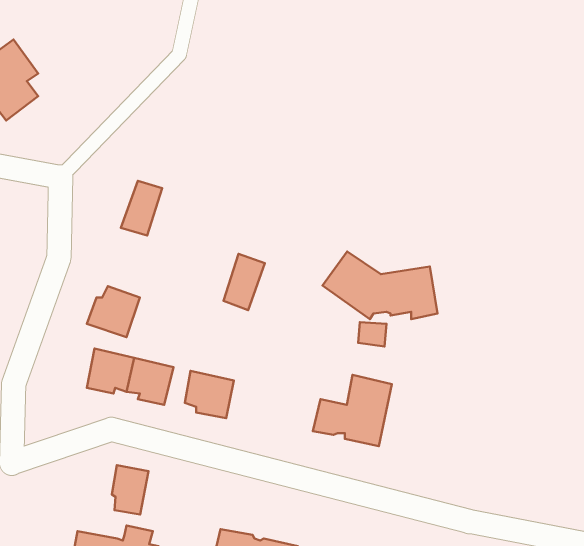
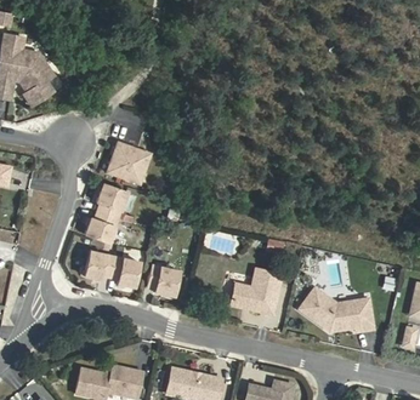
building: none -> [97,184,127,218]
building: [323,251,437,319] -> [301,286,375,330]
building: [224,254,265,310] -> [124,148,151,184]
building: [112,465,149,515] -> none

